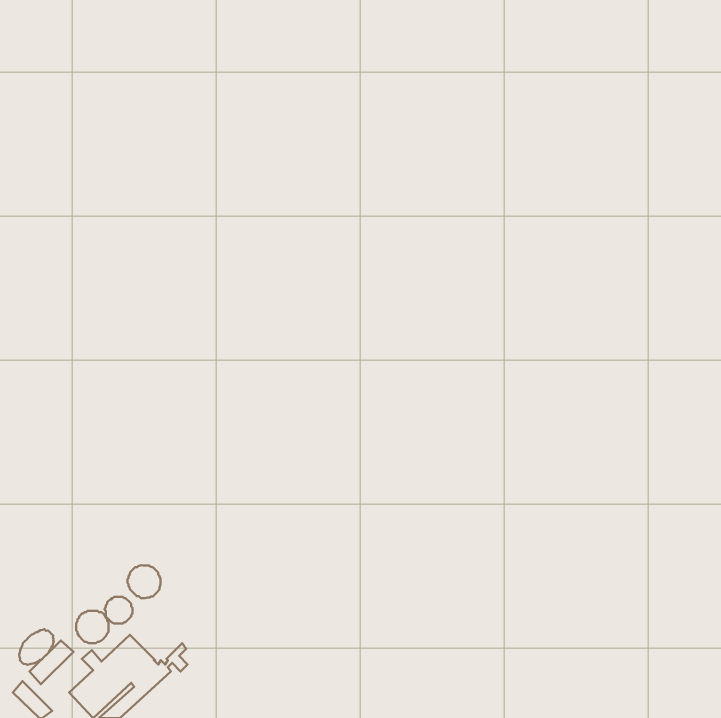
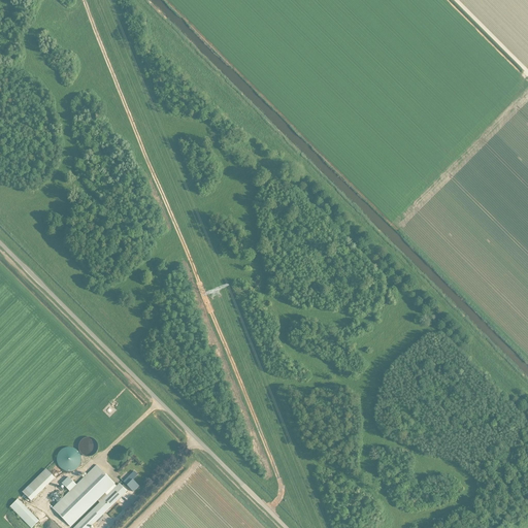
building: [127,565,161,598] -> none
building: [19,629,54,665] -> none

